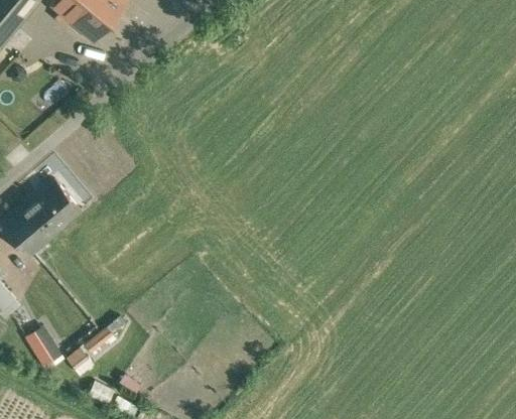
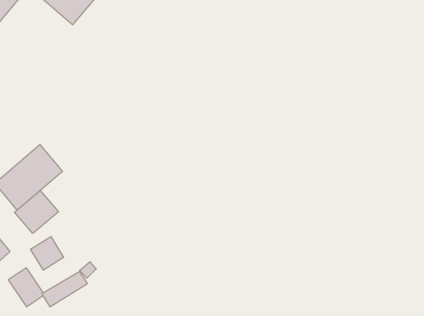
building: none -> [15,190,59,233]
building: none -> [31,237,64,270]

